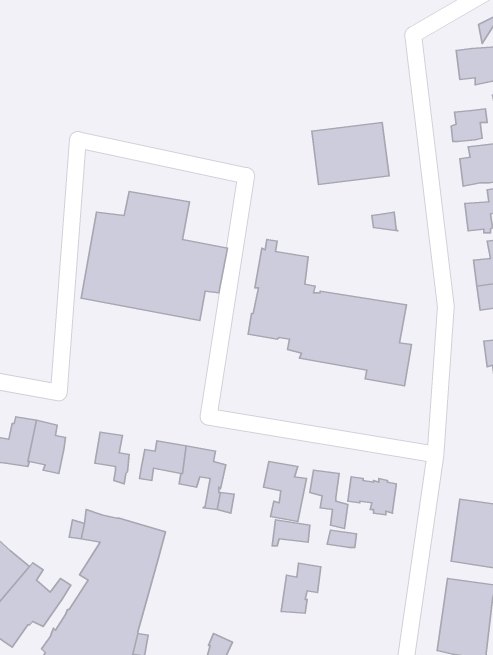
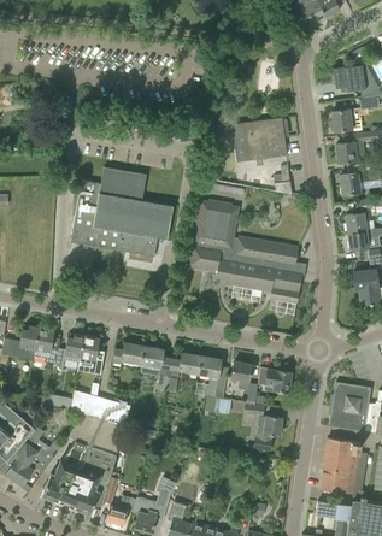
building: none -> [55,334,84,369]
building: none -> [169,353,202,377]
building: [281,563,321,613] -> [254,416,282,450]

